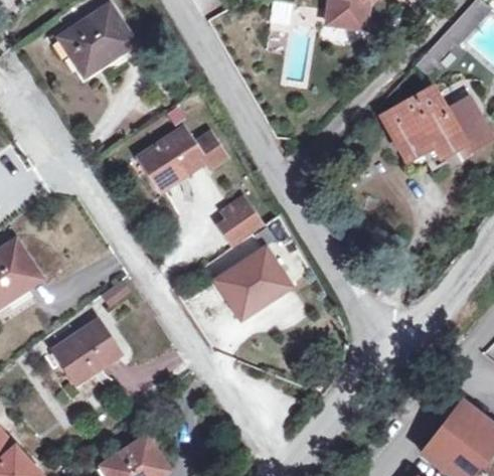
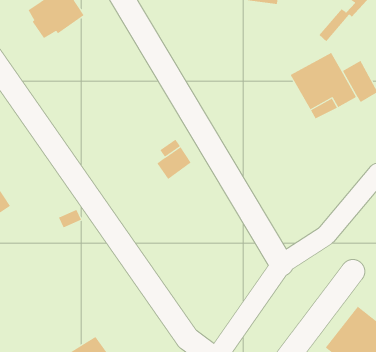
building: [141,125,225,186] -> none
building: [217,250,286,314] -> none
building: [53,319,119,379] -> none

